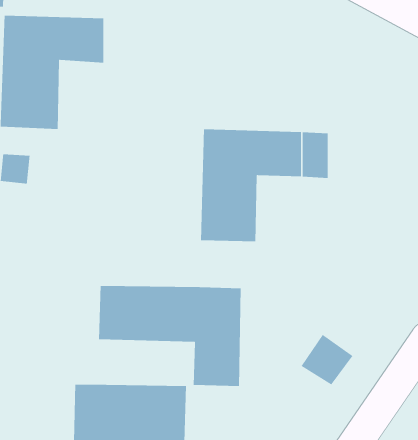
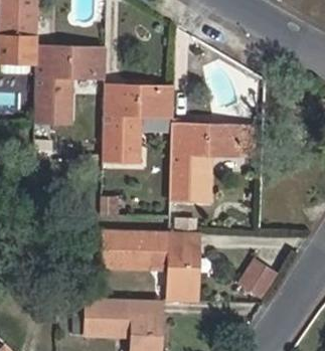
building: none -> [103,85,173,164]

